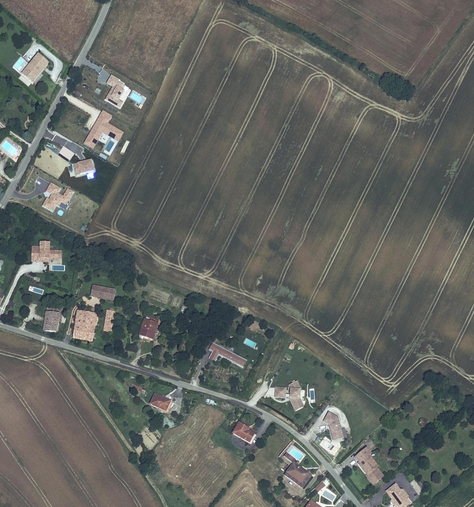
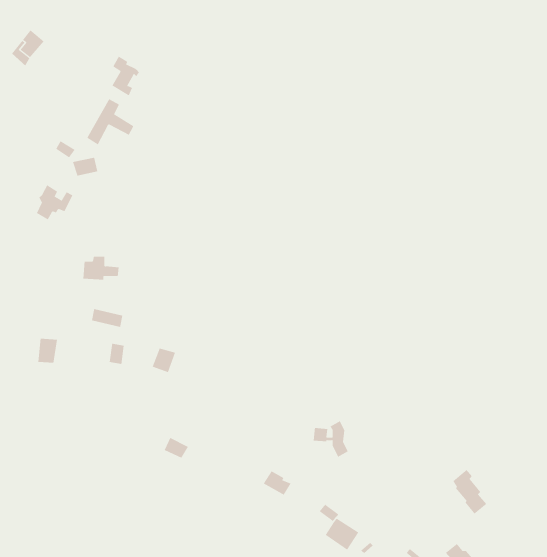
building: [31,241,62,261] -> [83,256,120,280]
building: [72,309,98,341] -> none
building: [208,341,247,367] -> none
building: [322,411,345,442] -> none
building: [355,446,384,484] -> [453,469,487,514]

